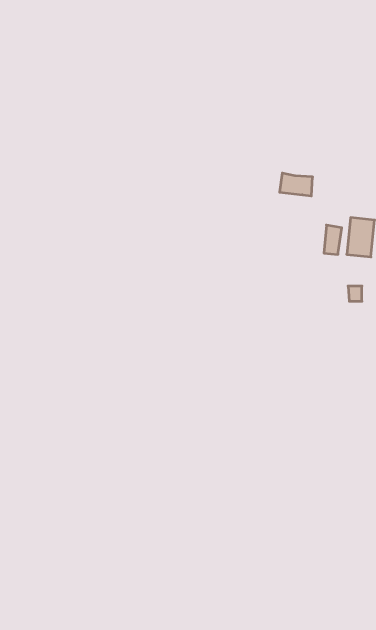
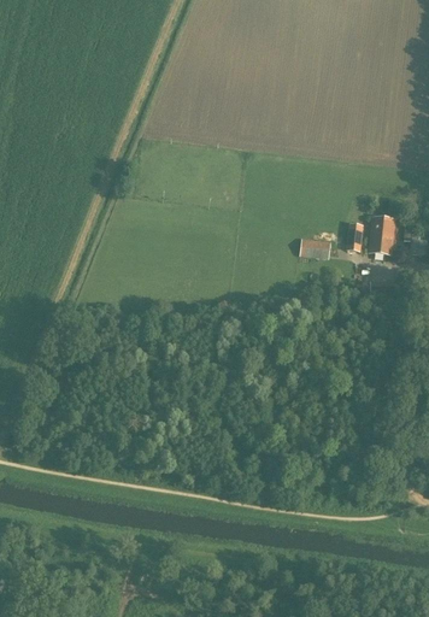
building: [280,173,313,196] -> [300,237,331,259]

